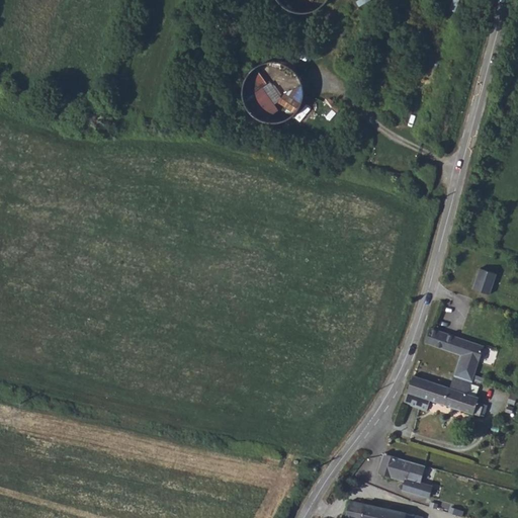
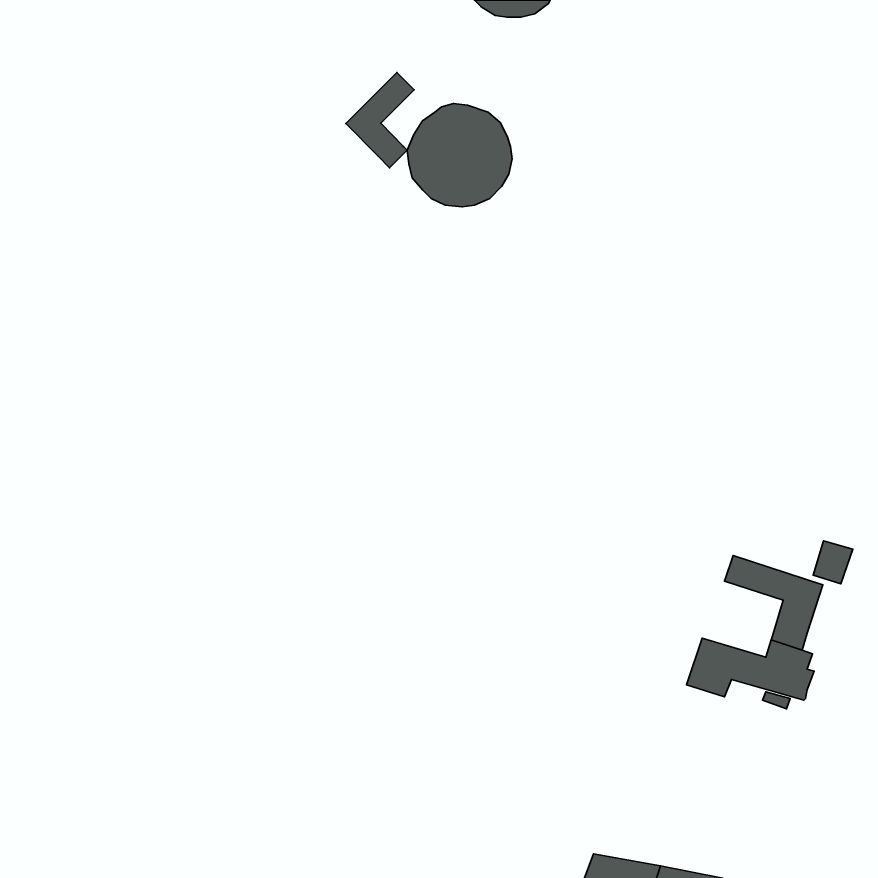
building: none -> [346,72,414,168]
building: [474,269,498,294] -> [813,541,853,584]
building: [380,453,426,492] -> none

